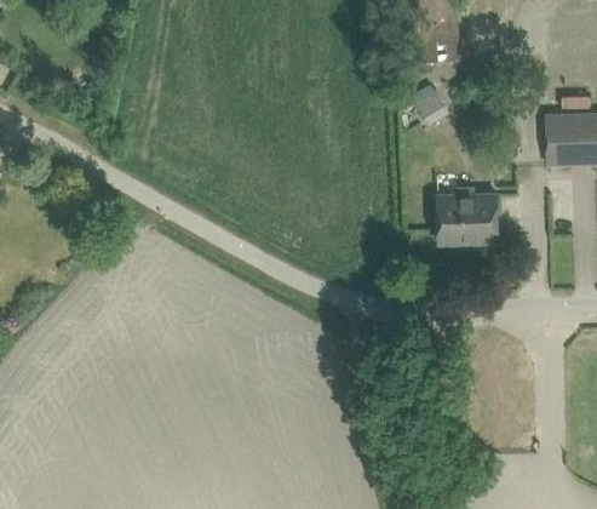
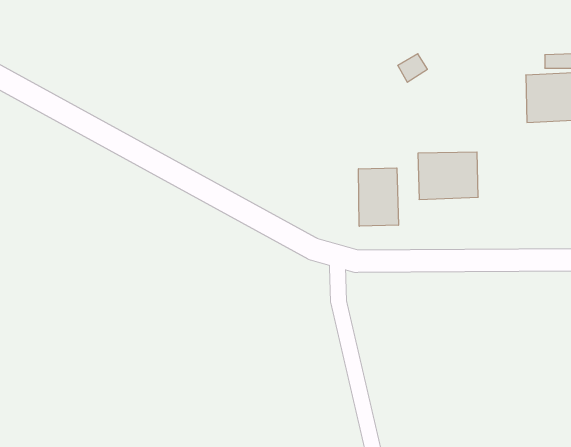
building: none -> [359,168,398,226]

